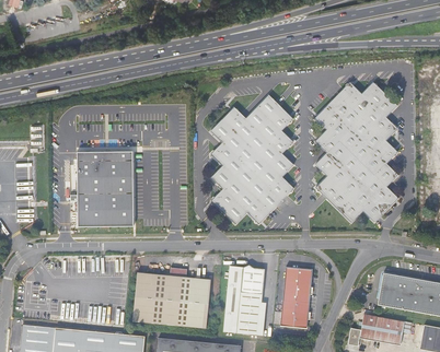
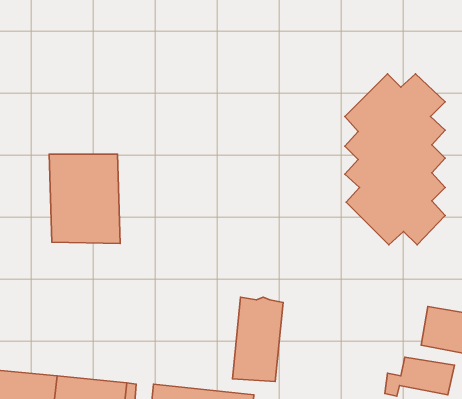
building: [210,94,293,223] -> none
building: [280,266,311,327] -> none
building: [132,267,210,328] -> none

